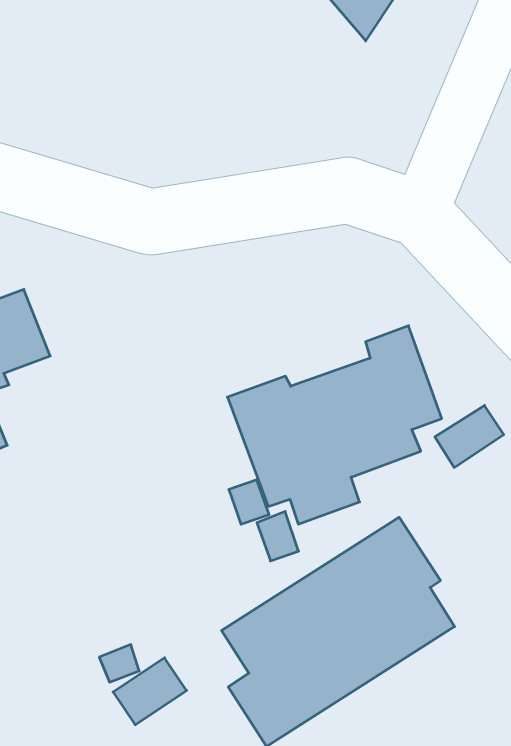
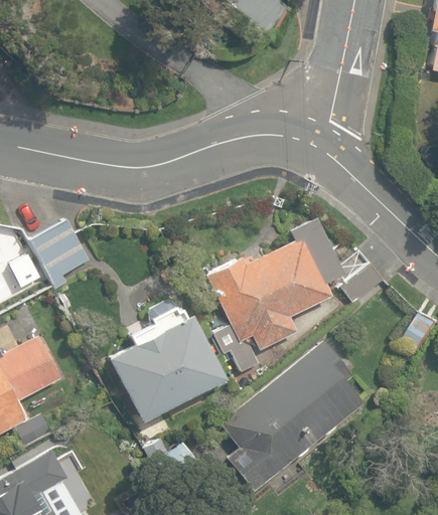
building: none -> [106,298,223,421]

